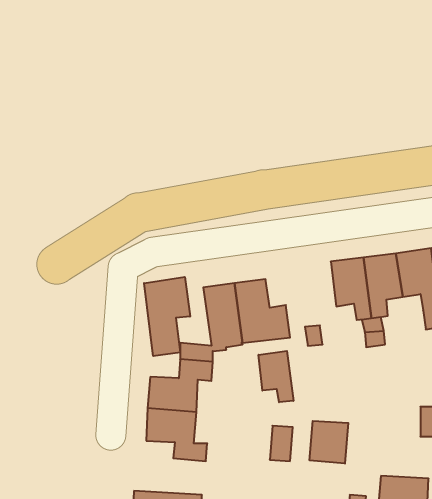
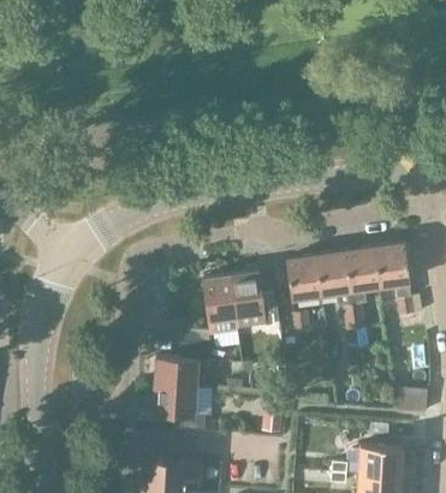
building: none -> [286,255,321,298]
building: [144,277,190,356] -> none
building: [259,351,293,402] -> none
building: [310,421,348,464] -> none

